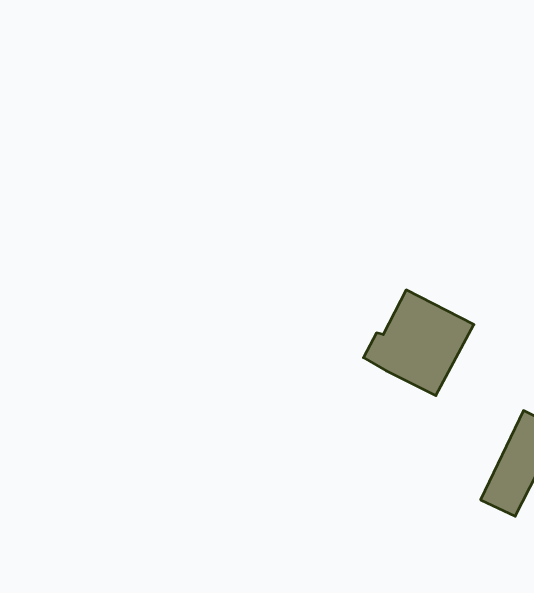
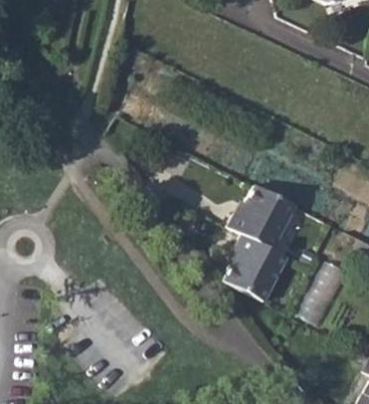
building: none -> [227,236,289,302]

